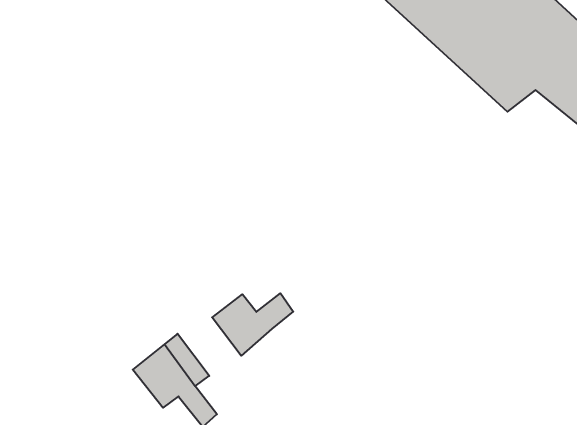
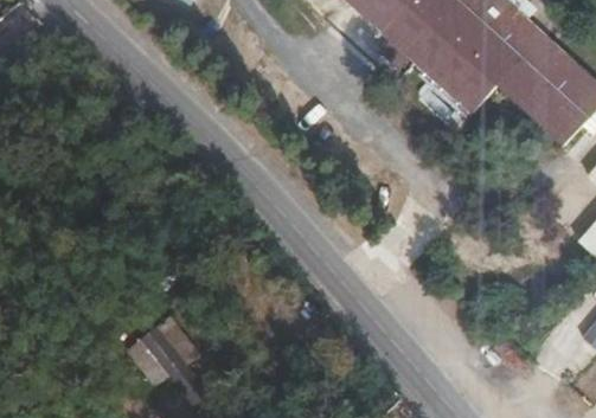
building: [212,293,293,356] -> none

